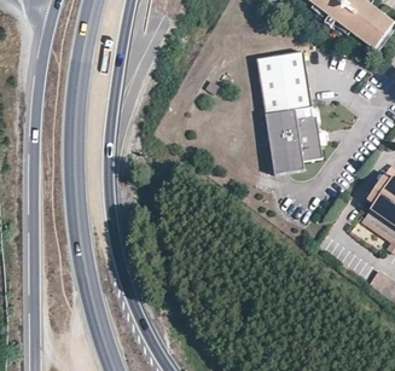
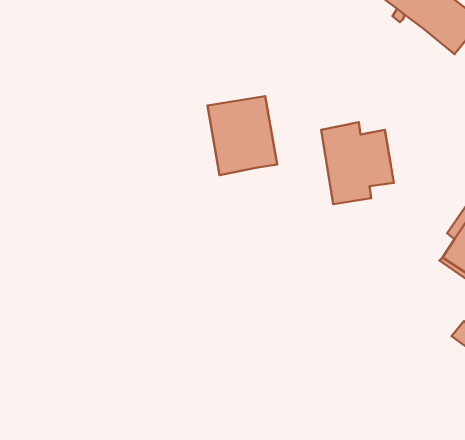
building: [256,53,312,116] -> [207,96,277,175]

